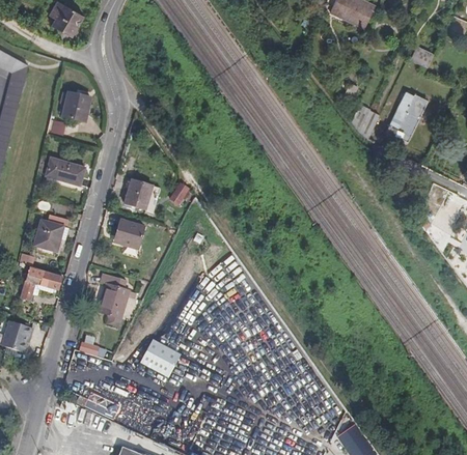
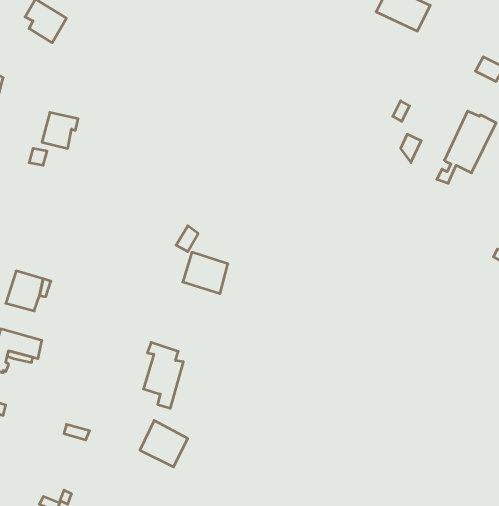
building: [44,157,86,187] -> none
building: [123,179,160,212] -> [183,252,228,294]
building: [113,219,145,250] -> none
building: [98,275,130,328] -> [143,342,183,408]

